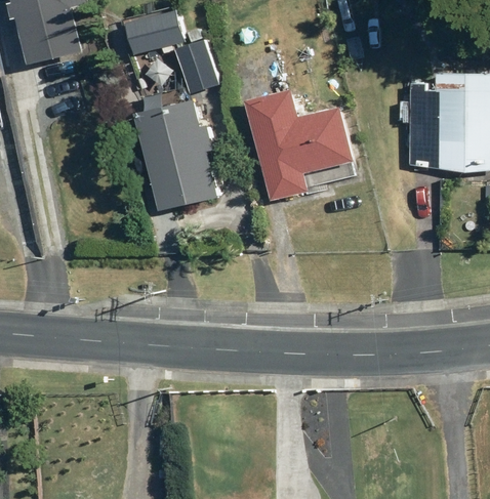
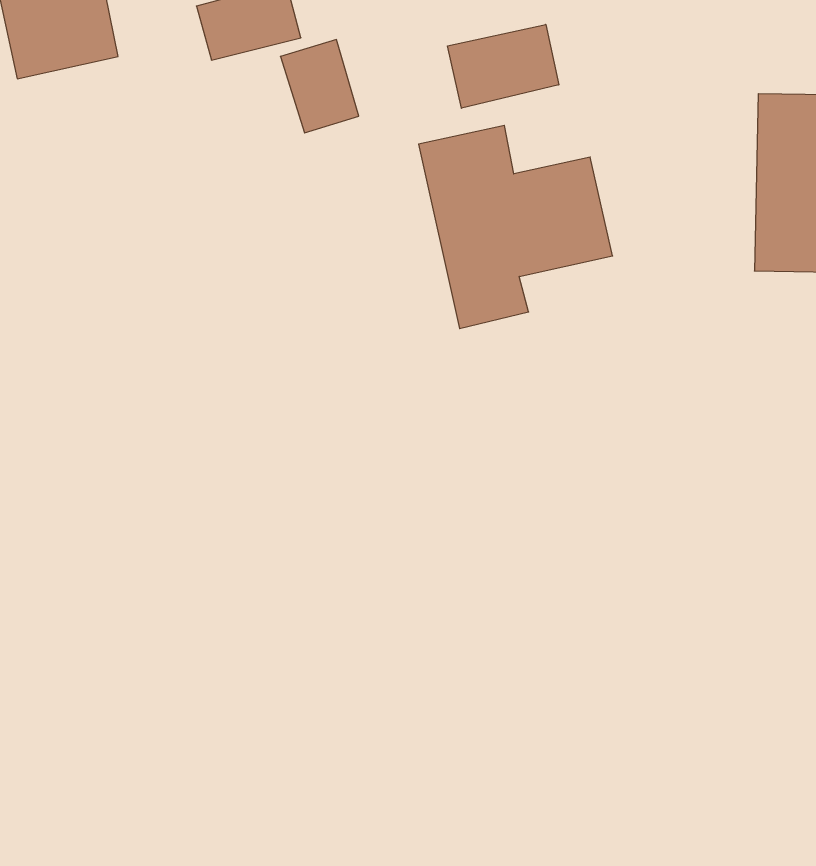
building: none -> [448,24,559,108]
building: [135,99,215,210] -> none

